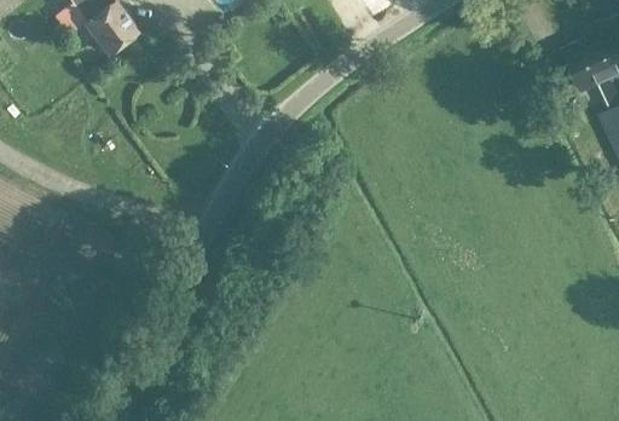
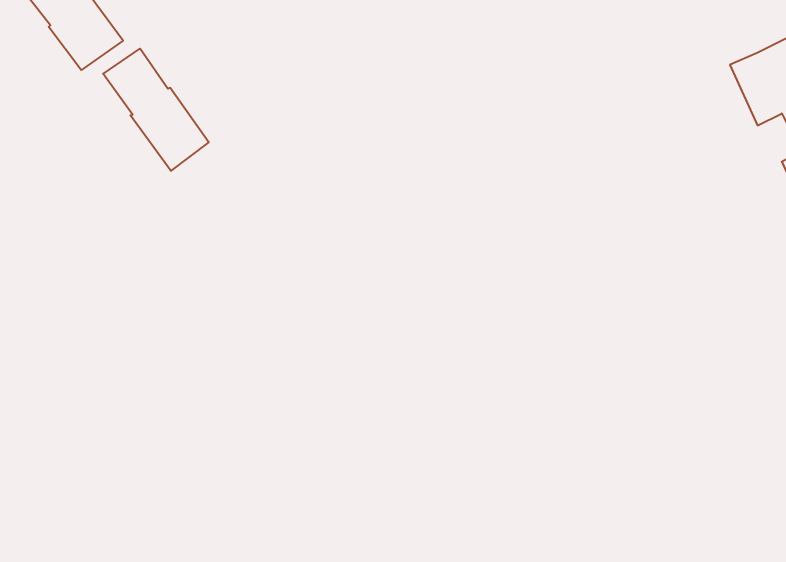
building: none -> [103,49,209,171]

